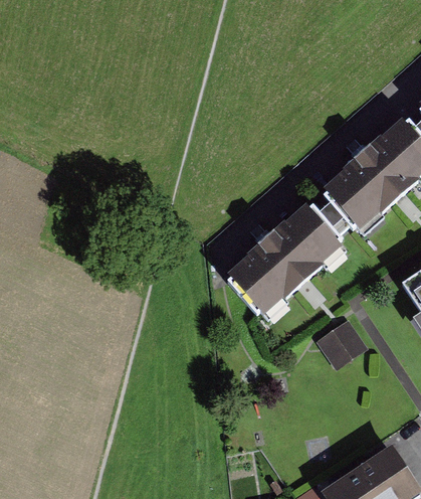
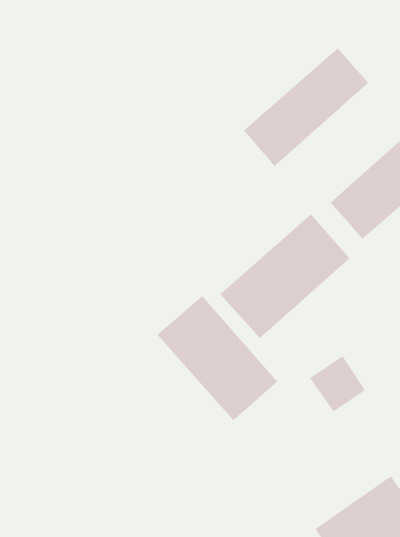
building: none -> [243,47,369,167]
building: none -> [156,295,278,421]

